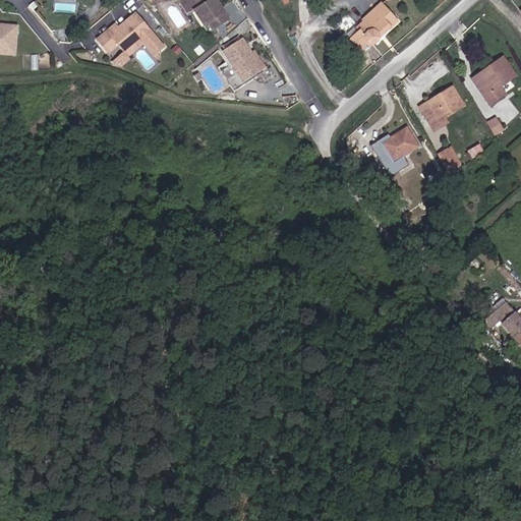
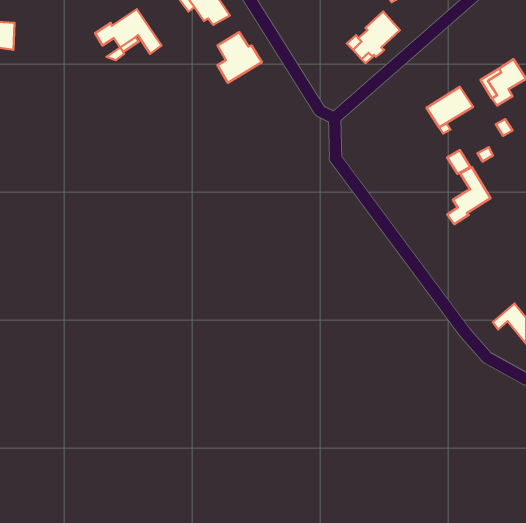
building: [386,131,420,164] -> none
building: none -> [447,167,491,224]

